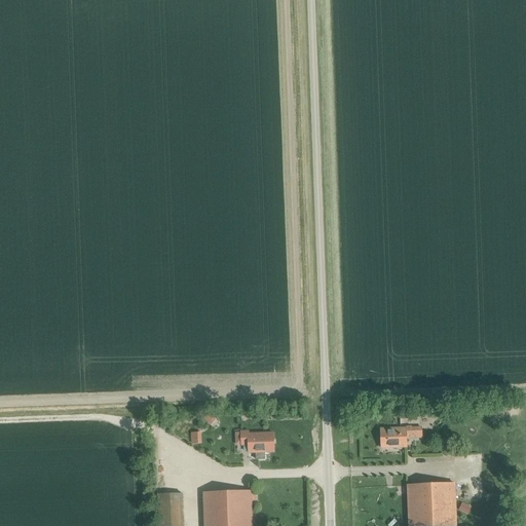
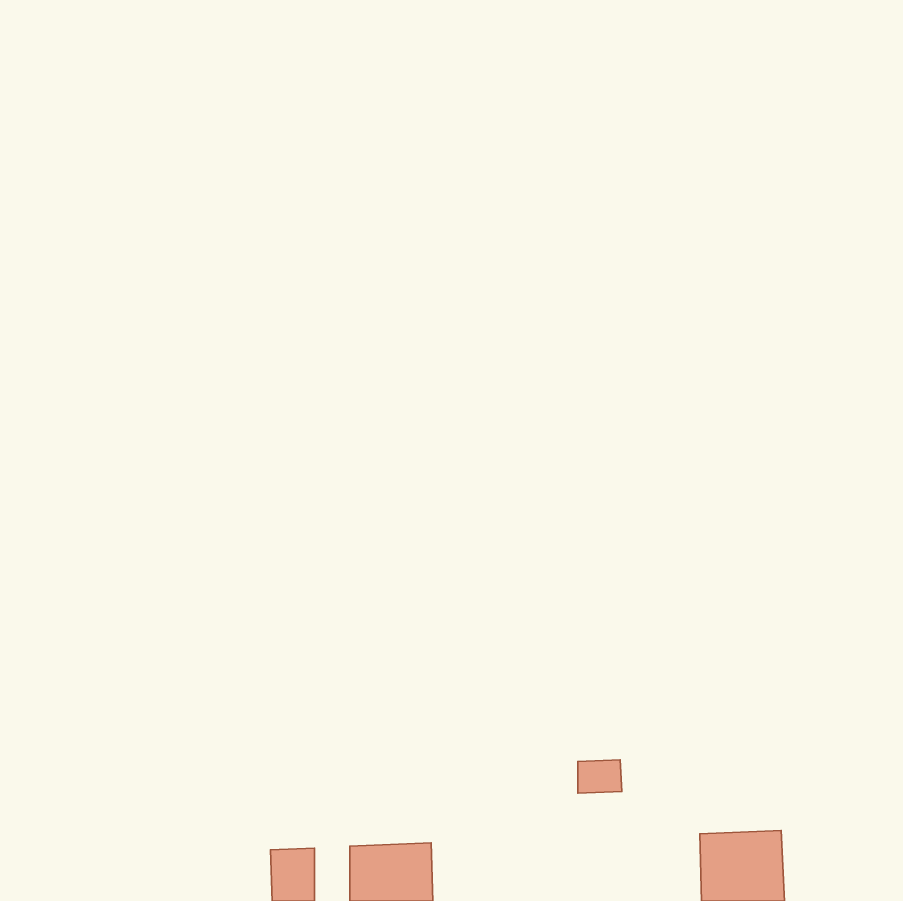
building: [381,427,407,447] -> [578,760,622,793]
building: [240,430,273,452] -> none

